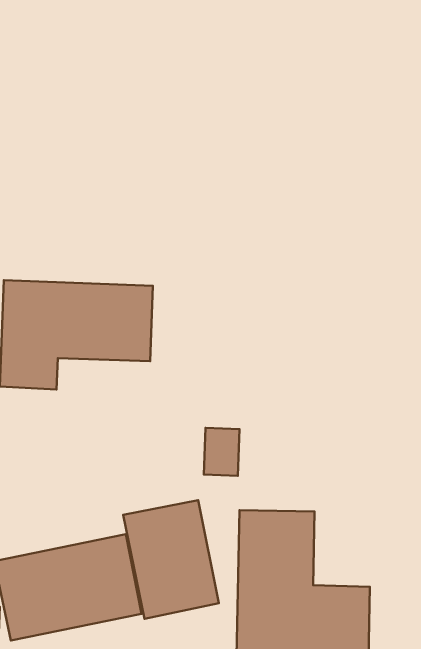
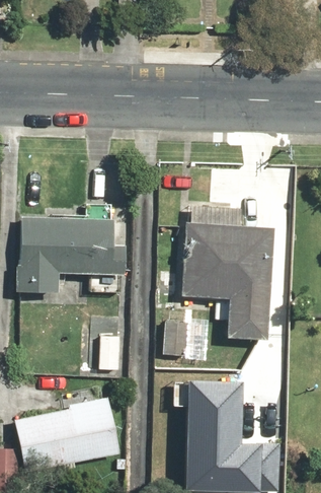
building: none -> [181,223,273,341]
building: [123,500,219,619] -> none

